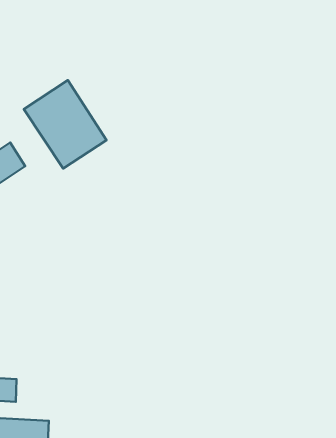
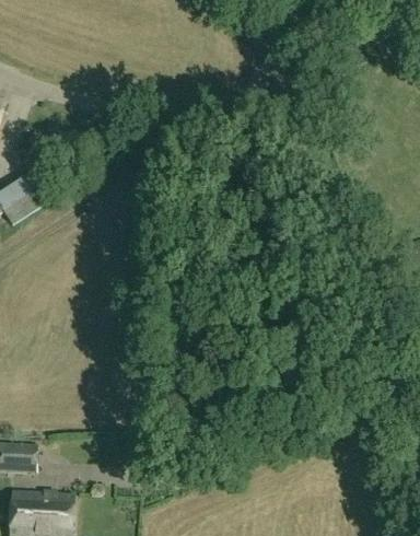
building: [24,80,106,169] -> none

